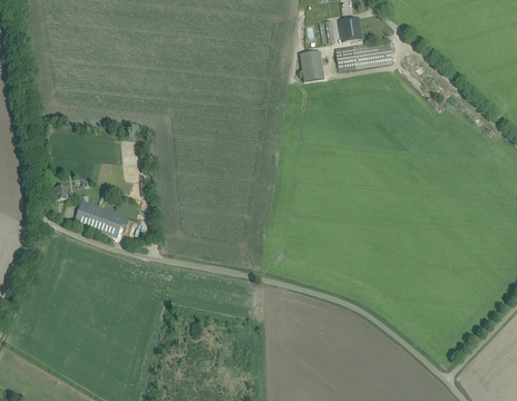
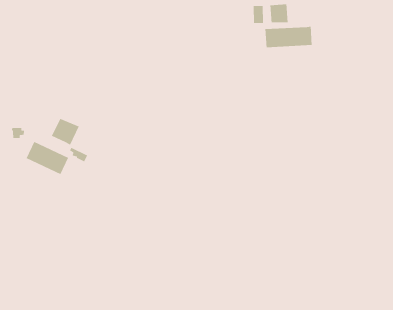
building: [299,50,324,81] -> none
building: none -> [51,118,80,146]

